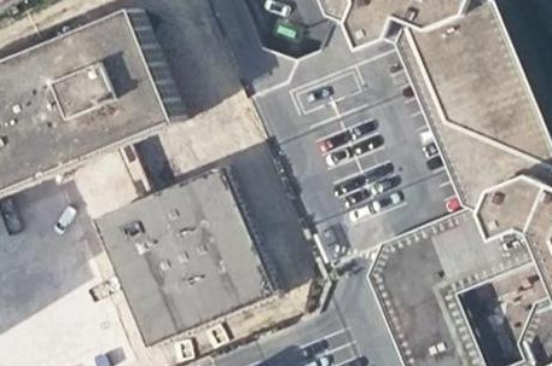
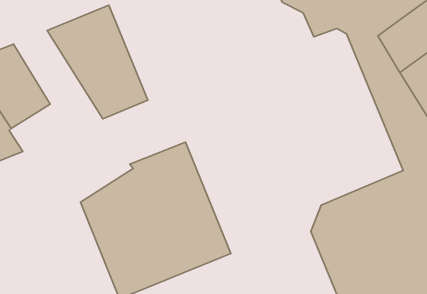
building: [14,40,157,237] -> none

